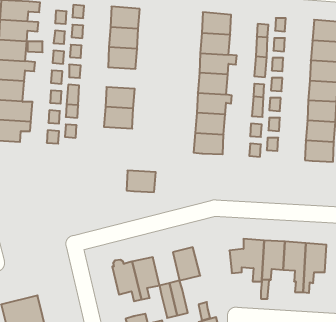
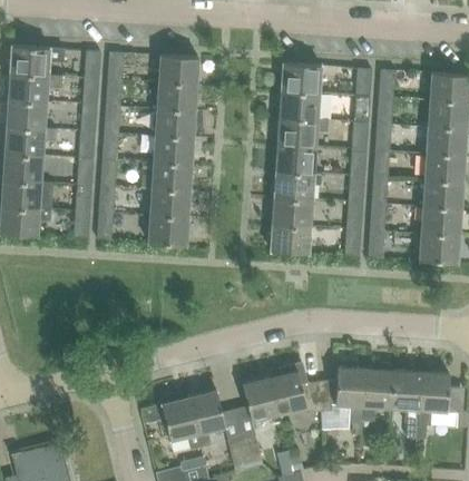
building: none -> [154,136,193,165]
building: [127,171,156,192] -> [149,216,188,245]
building: none -> [270,362,322,415]

